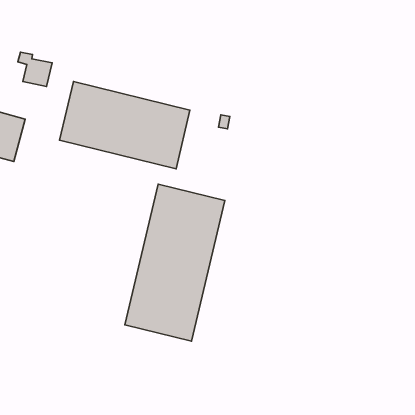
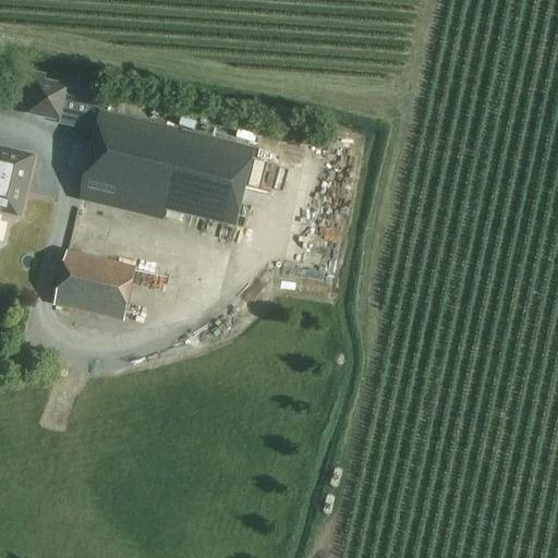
building: [125,184,225,341] -> none
building: none -> [54,253,134,319]

